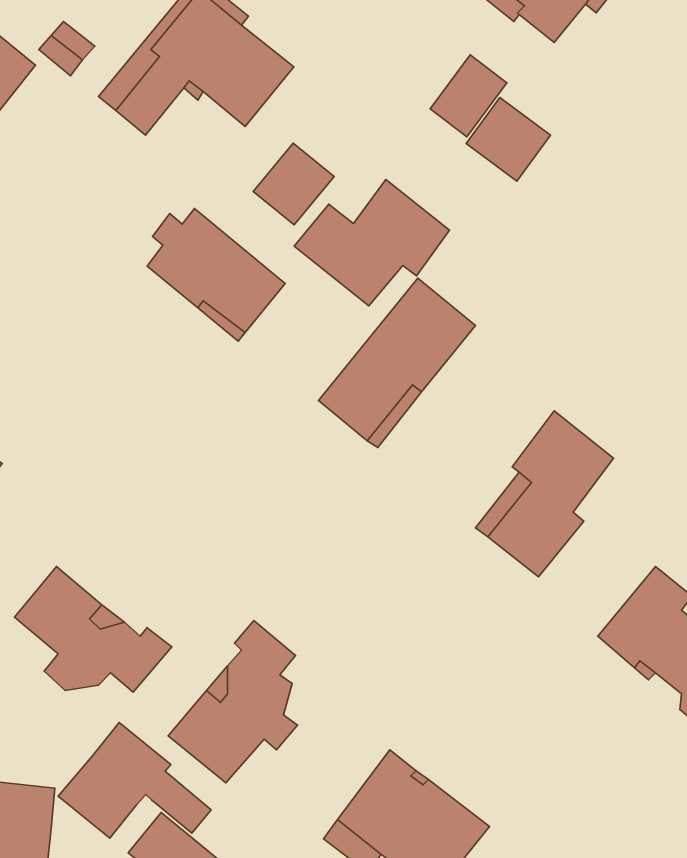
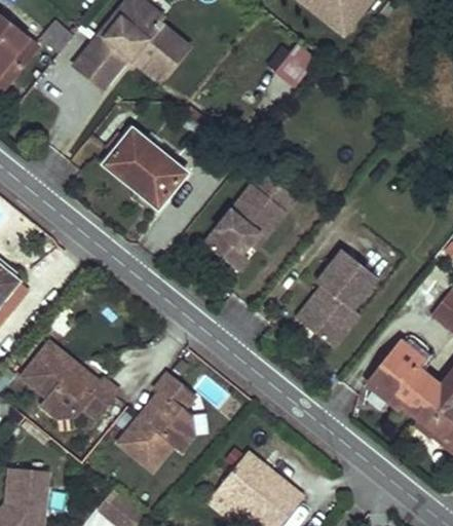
building: [466,97,550,181] -> none
building: [253,143,334,225] -> none
building: [294,179,450,306] -> none
building: [58,722,211,838] -> none

